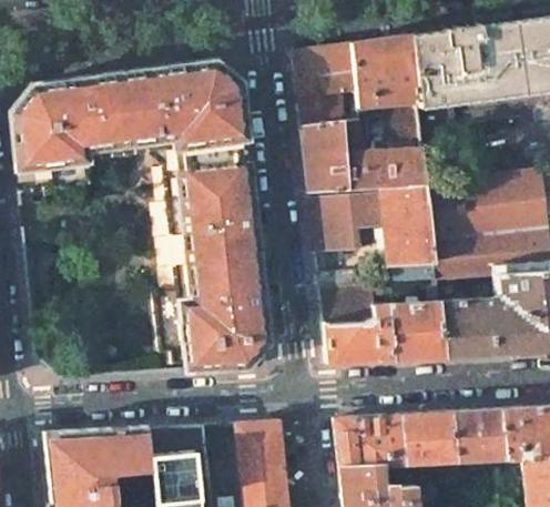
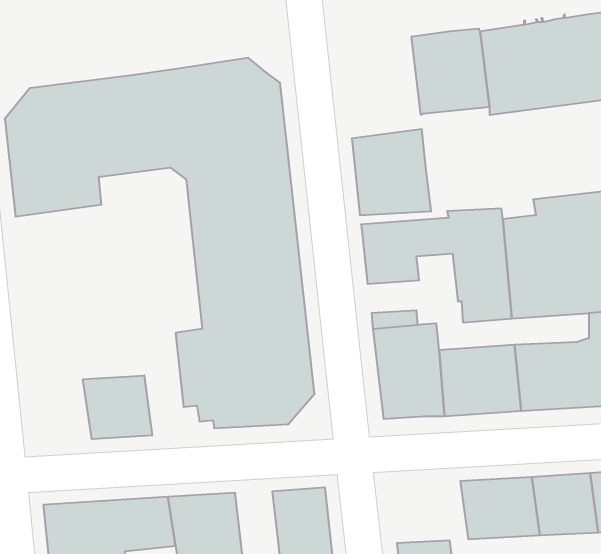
building: [293,43,360,129] -> none
building: [384,102,421,141] -> none
building: [364,150,427,190] -> none
building: none -> [83,375,152,439]
building: [334,416,399,468] -> none

